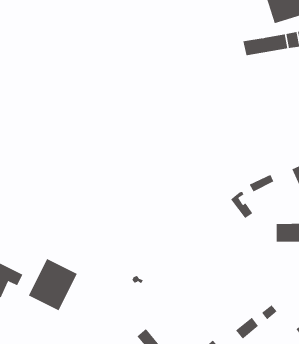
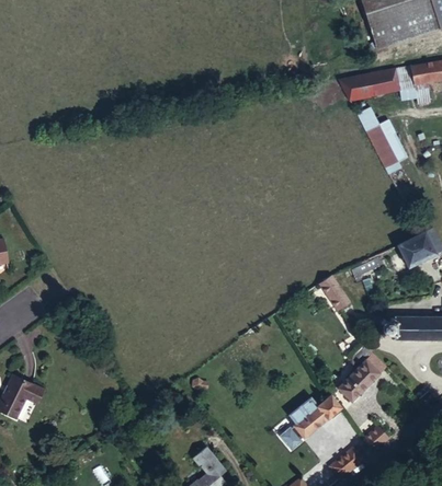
building: none -> [363,120,397,165]
building: none -> [339,344,388,404]
building: [28,258,78,311] -> none
building: none -> [282,393,341,453]

